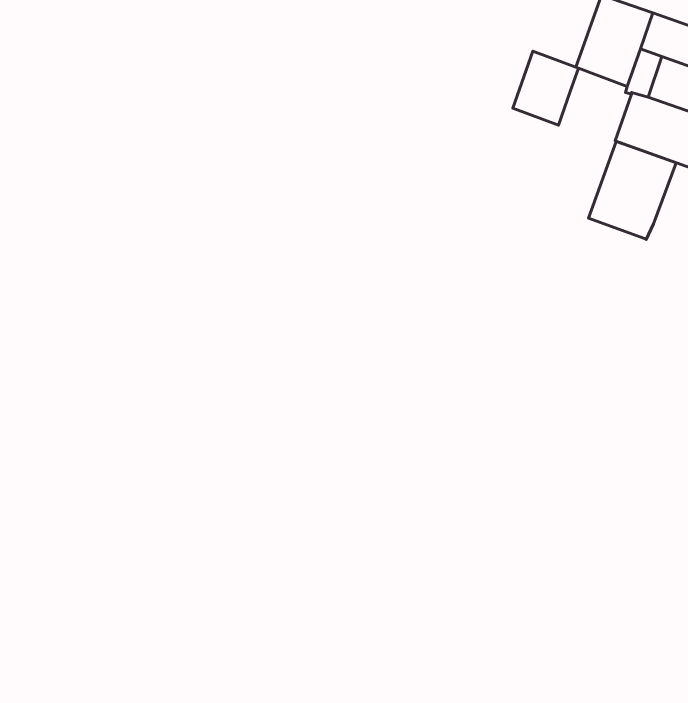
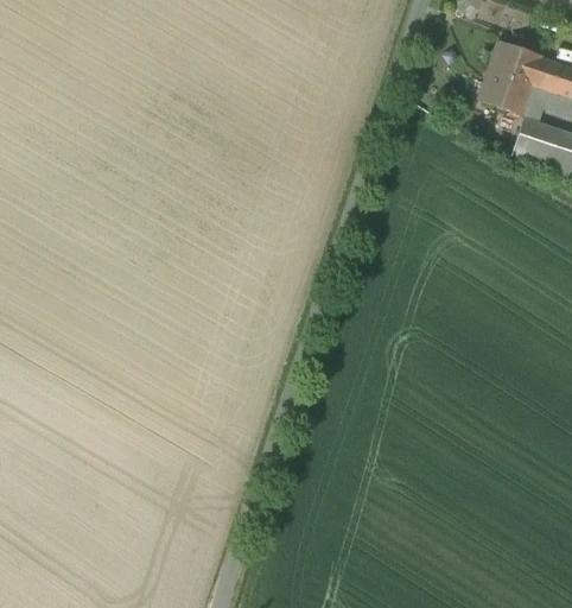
building: [513,51,578,125] -> none
building: [589,141,676,240] -> none

